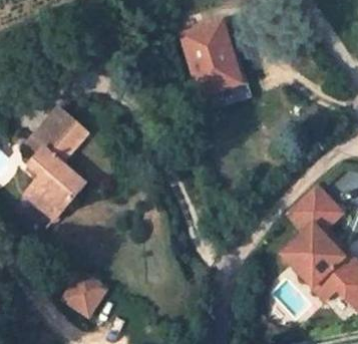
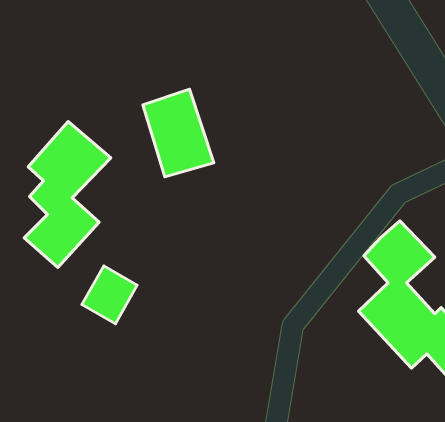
building: [185,23,240,91] -> [143,89,214,177]
building: [62,272,105,317] -> [82,266,137,324]

